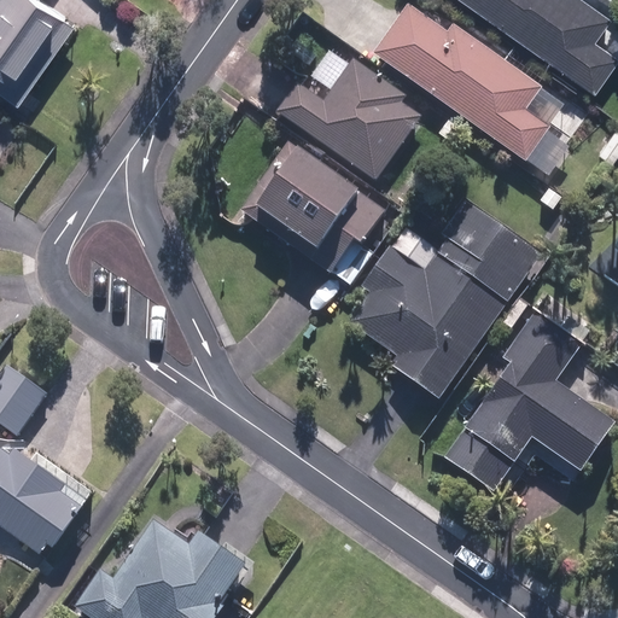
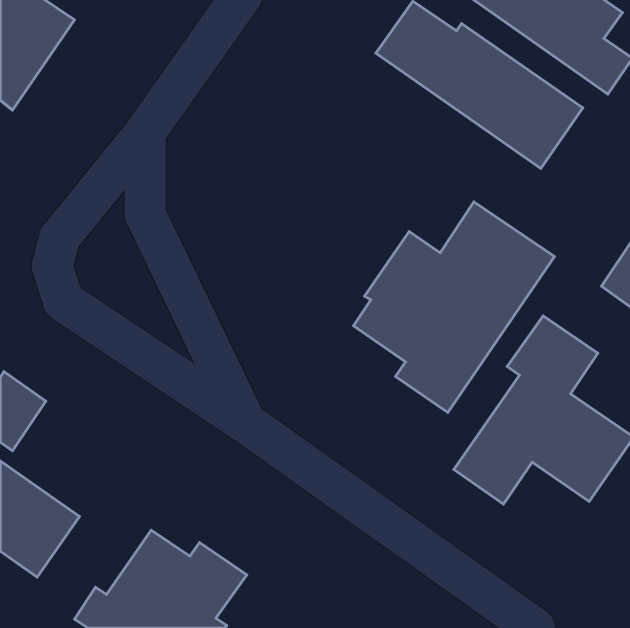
building: [274,45,419,181] -> none
building: [246,141,385,285] -> none

